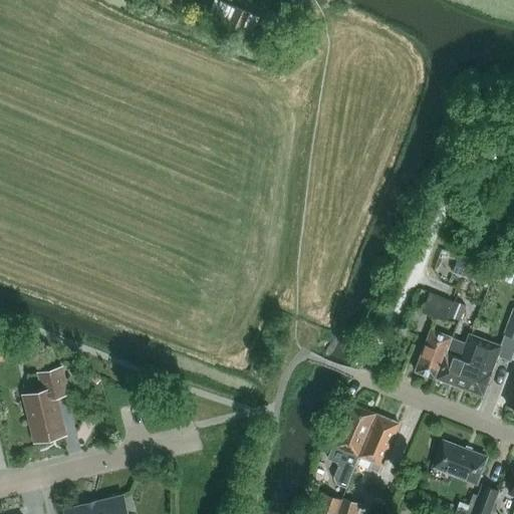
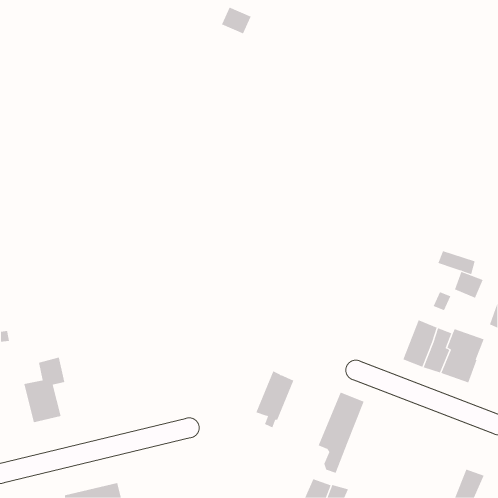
building: [421,292,451,320] -> [454,271,483,298]
building: [358,414,399,473] -> [255,371,294,428]
building: [433,440,487,484] -> none

